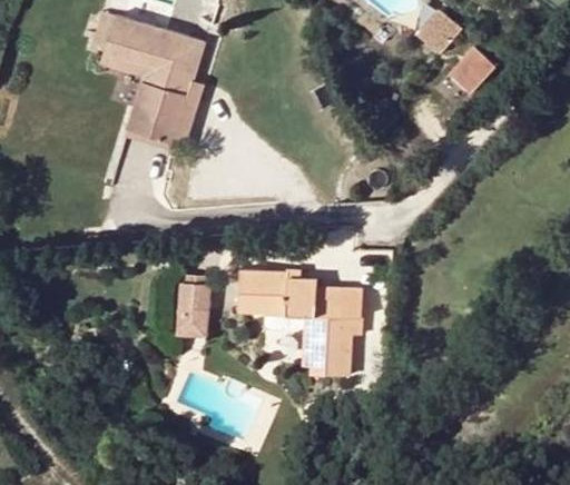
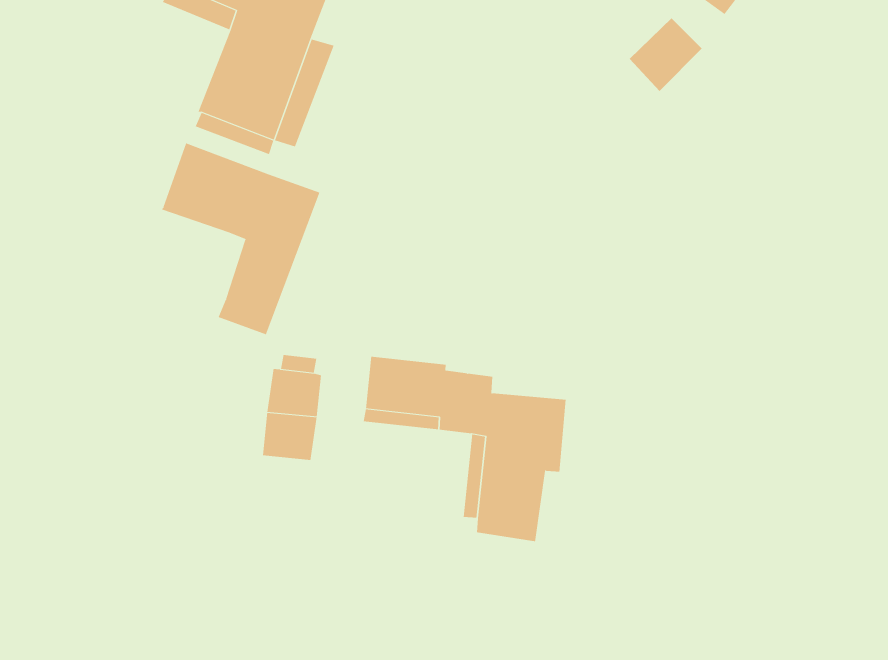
building: [450,47,494,92] -> [629,18,702,92]
building: none -> [161,143,320,335]

